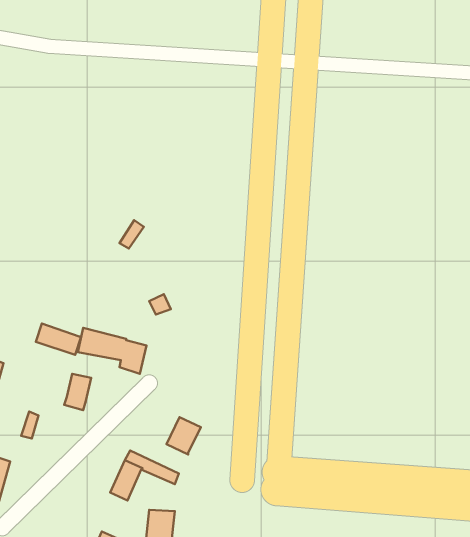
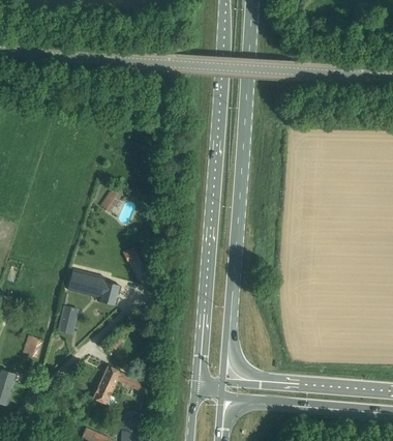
building: [36,323,81,355] -> none
building: [166,417,201,454] -> none

